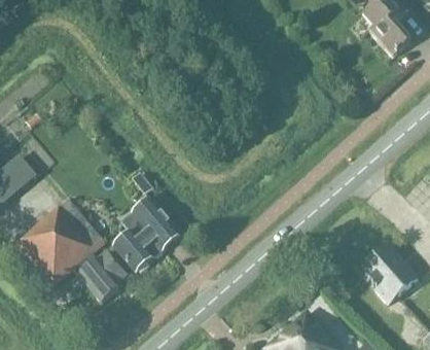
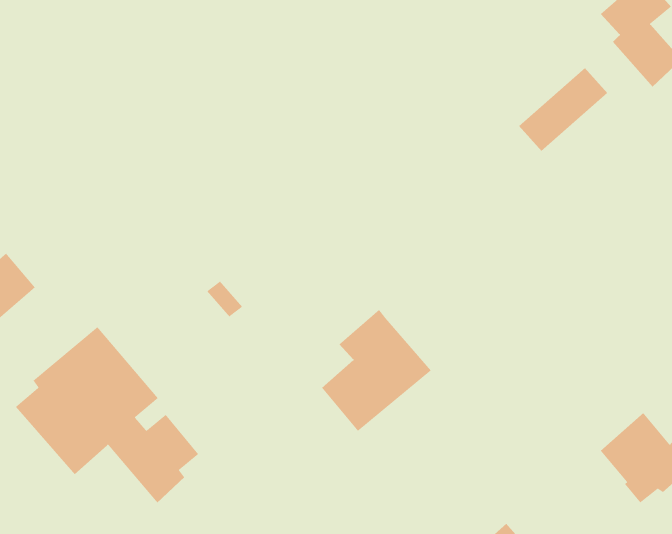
building: none -> [518,67,608,152]
building: [114,201,179,273] -> [321,309,432,432]

